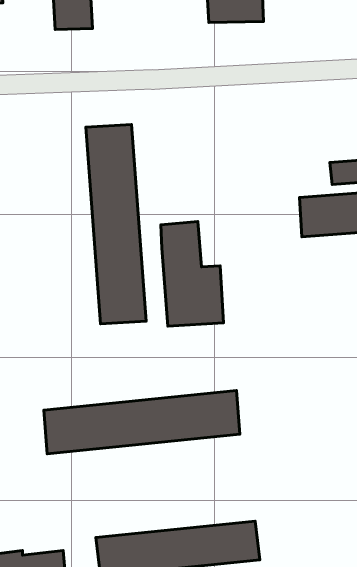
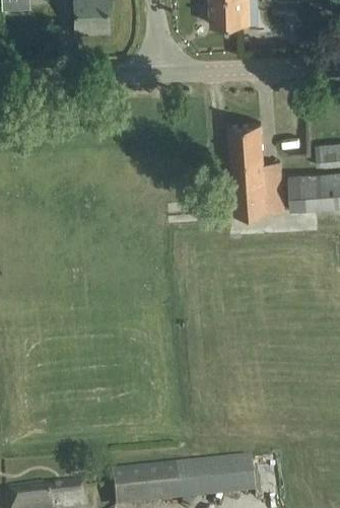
building: [86,125,146,324] -> none
building: [161,221,224,326] -> [228,123,283,214]
building: [44,390,240,454] -> none

